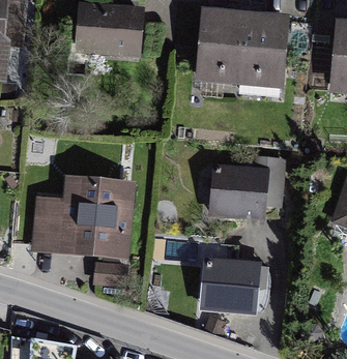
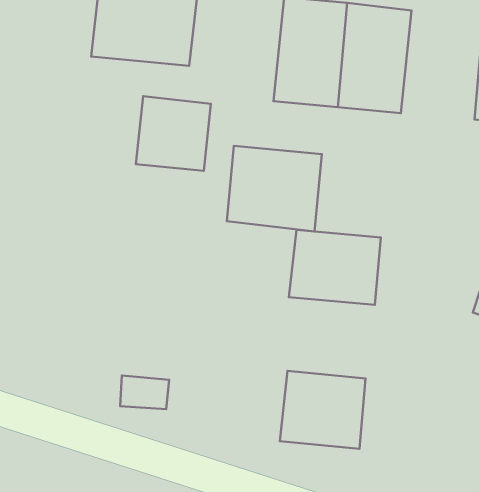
building: none -> [136,96,211,171]
building: none -> [227,146,322,231]
building: [31,179,135,260] -> none

